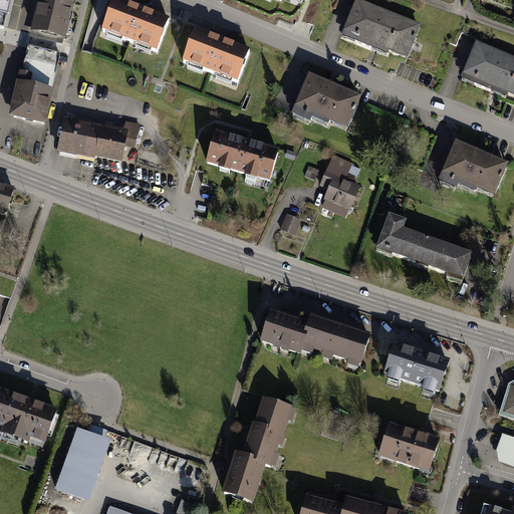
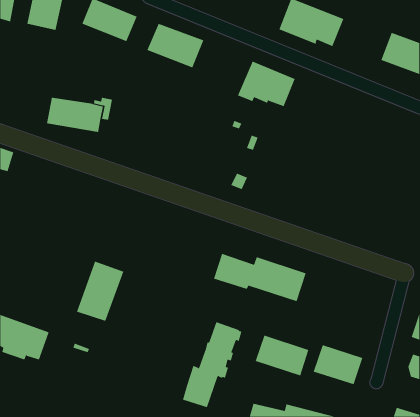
building: [10,42,63,123] -> none
building: [205,133,277,182] -> none
building: [442,142,508,196] -> none
building: [317,153,358,209] -> none
building: [374,215,472,280] -> none
building: [382,341,449,392] -> [255,335,309,376]
building: [56,425,114,499] -> [76,261,124,322]

